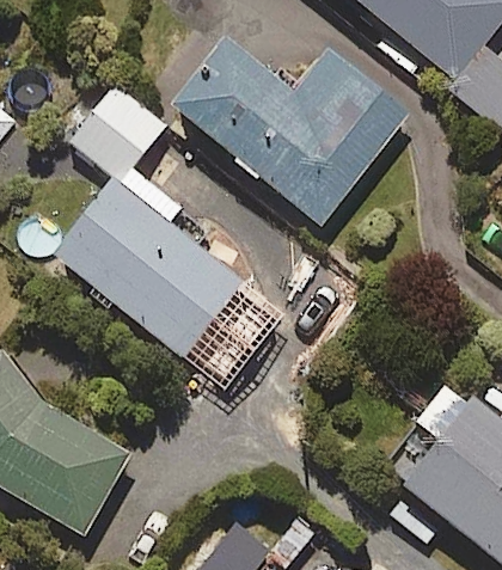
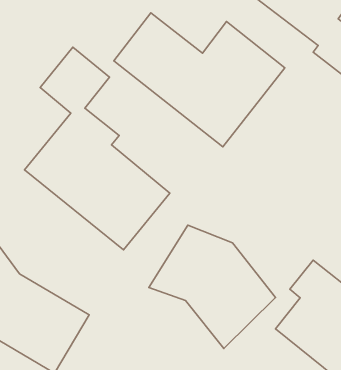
building: none -> [149,225,276,349]

